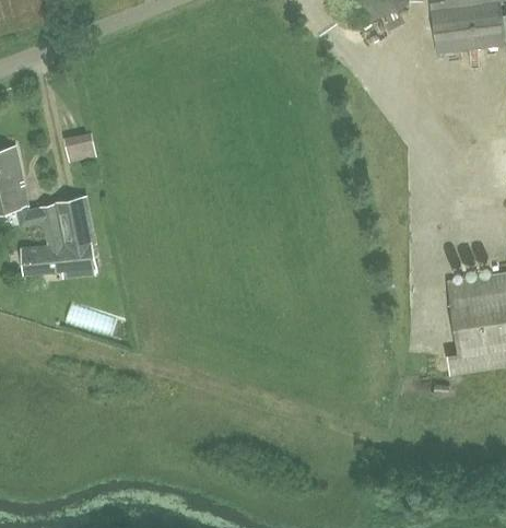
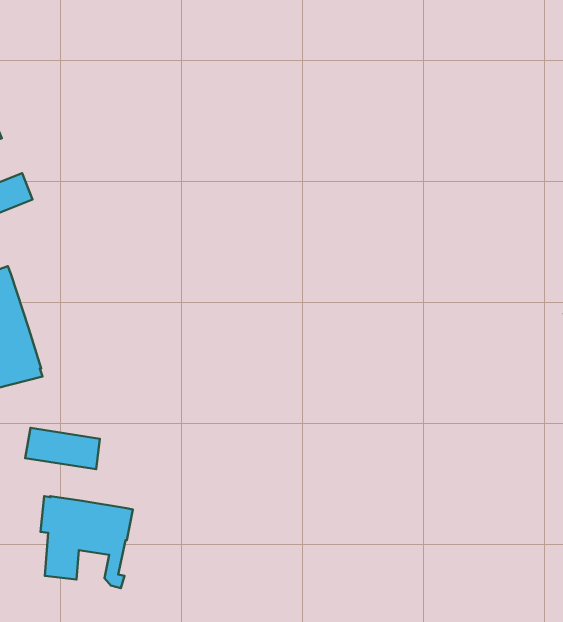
building: none -> [41,496,133,588]

